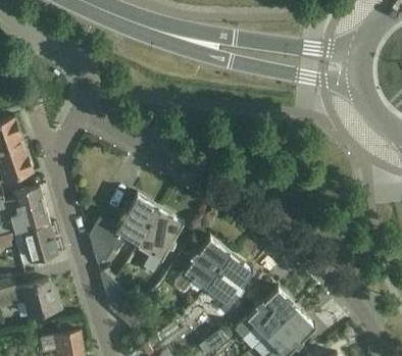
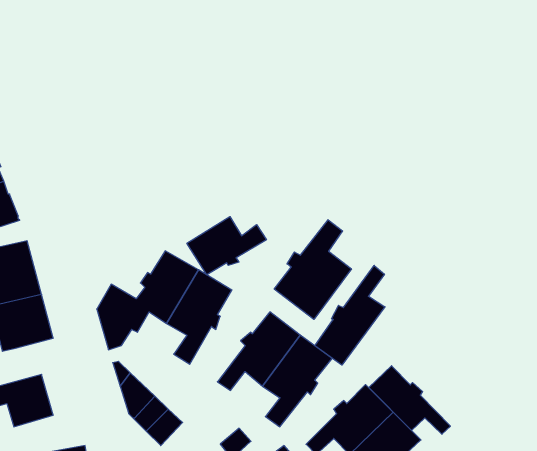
building: none -> [187,217,266,275]
building: none -> [274,220,351,319]
building: none -> [315,265,385,365]
building: none -> [369,366,450,434]

